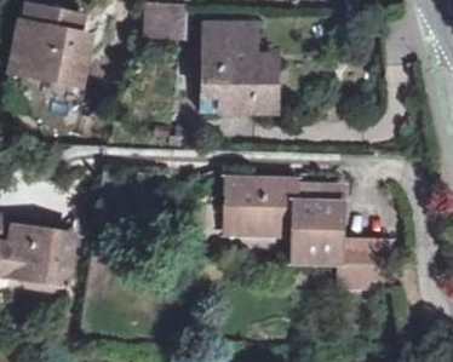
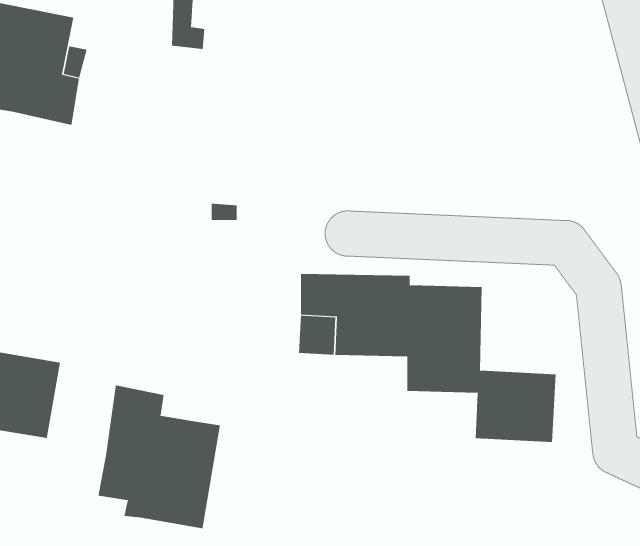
building: [205,25,274,113] -> none
building: none -> [98,385,220,529]

